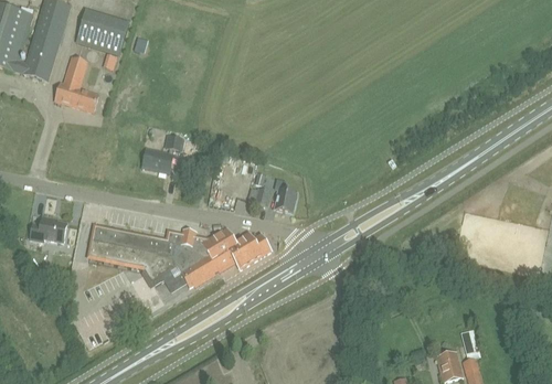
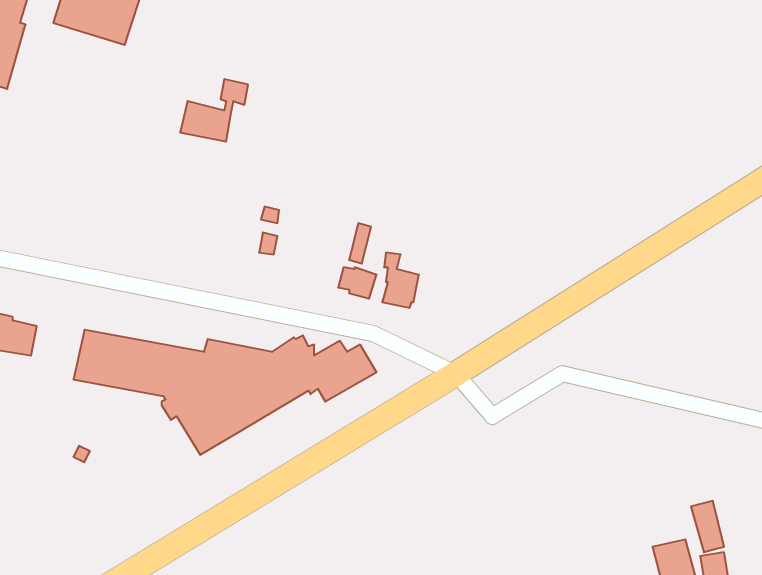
building: [54,56,98,111] -> none
building: [141,135,182,172] -> [180,79,248,142]

